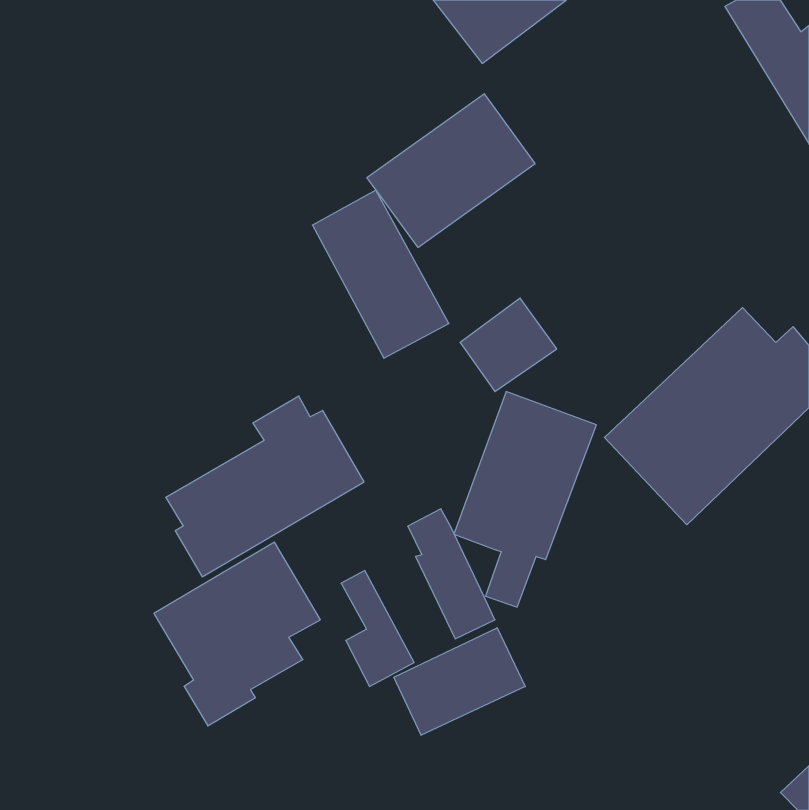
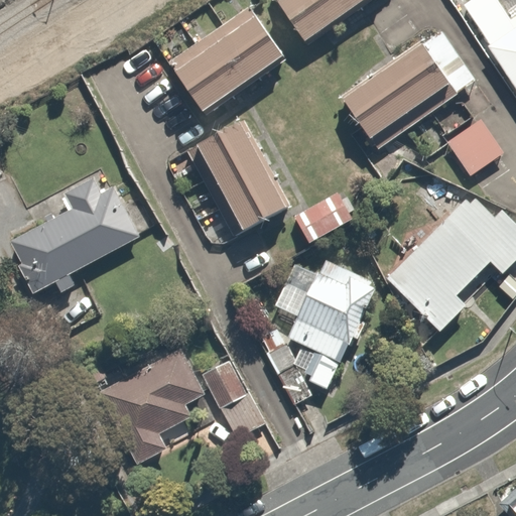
building: none -> [344,28,475,143]
building: [367,94,535,247] -> [172,13,279,111]
building: none -> [444,119,500,173]
building: [166,396,364,577] -> [11,178,137,293]
building: [394,628,525,735] -> none

